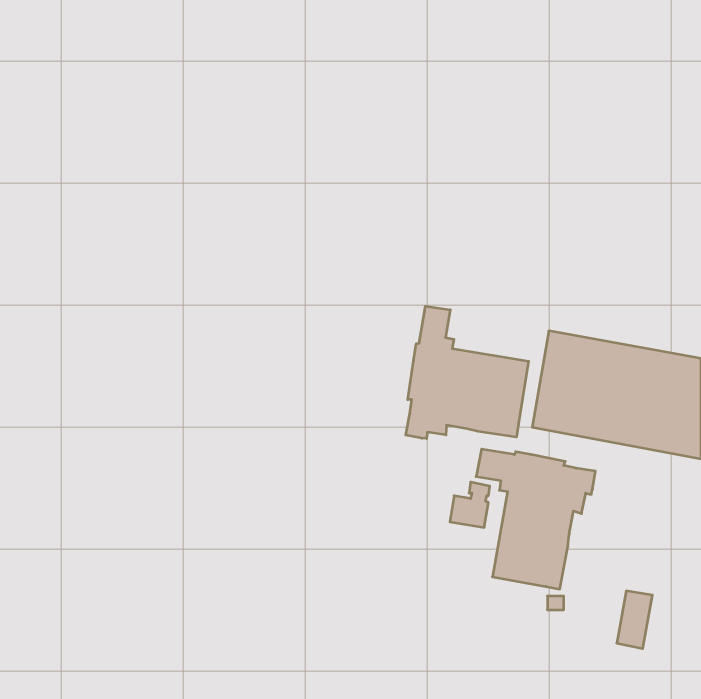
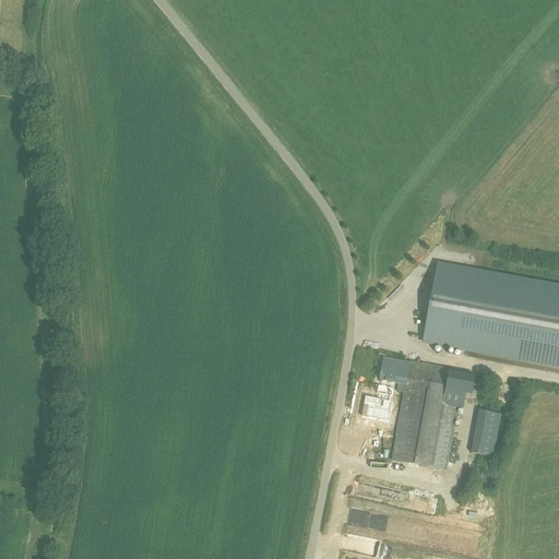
building: [406,306,529,439] -> none
building: [617,591,652,649] -> [472,409,500,455]

